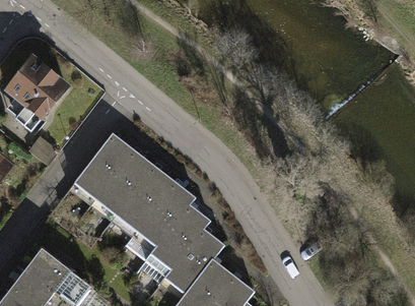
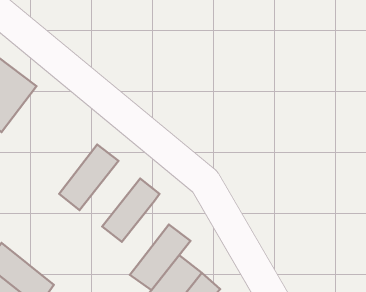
building: [75,133,132,197] -> none
building: [115,165,175,230] -> none
building: [151,204,209,268] -> none

